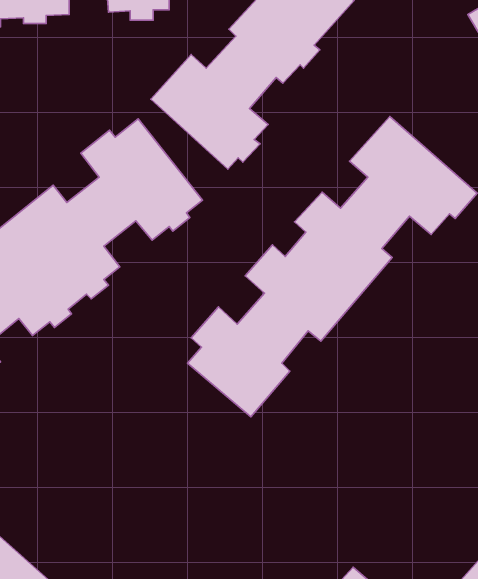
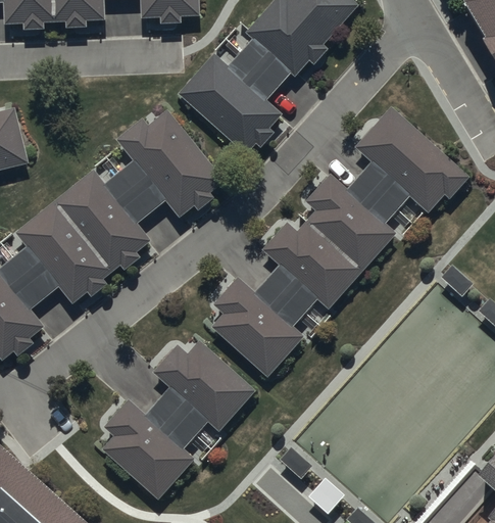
building: none -> [101,342,255,503]

